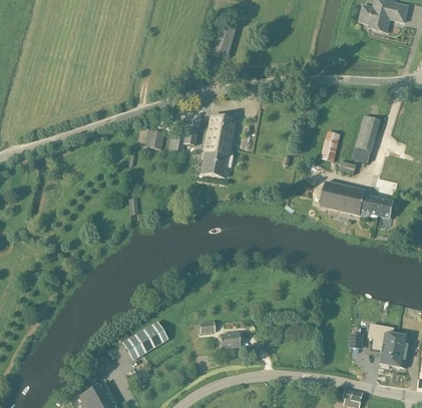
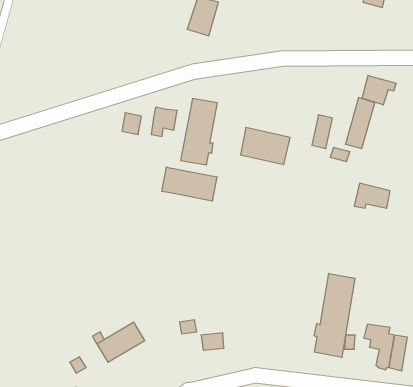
building: none -> [362,75,396,105]
building: none -> [162,167,217,201]
building: [321,181,367,216] -> [240,128,290,165]
building: none -> [314,273,355,358]

